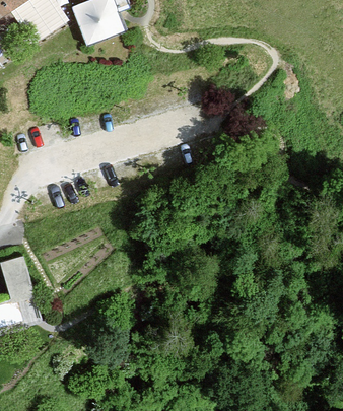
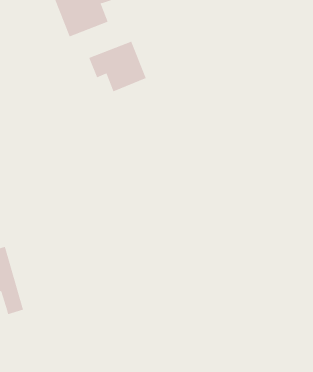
building: none -> [88,41,146,92]

